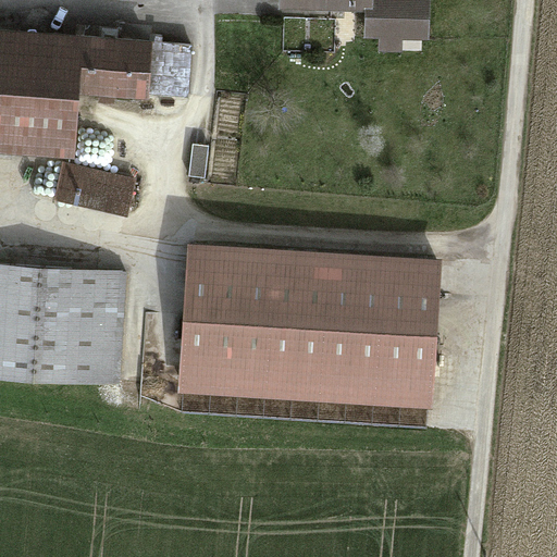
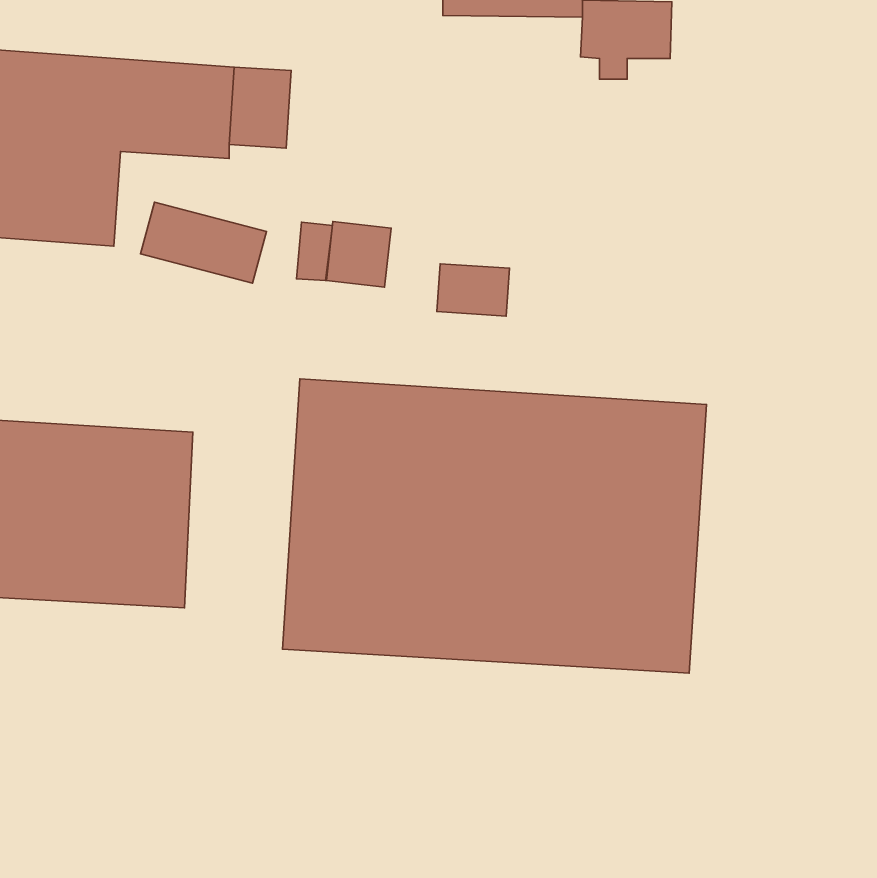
building: none -> [326,222,391,287]
building: [54,163,134,214] -> [141,202,266,283]
building: none -> [437,264,509,316]

